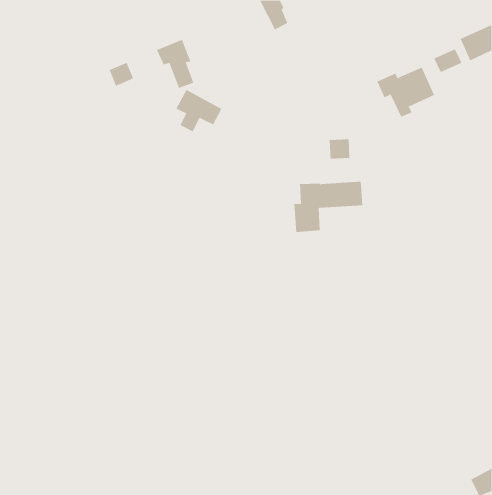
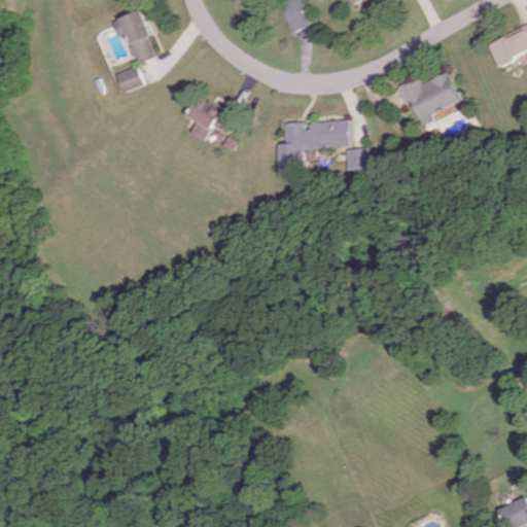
building: [156,39,194,89] -> [112,10,152,63]
building: [434,48,462,73] -> none
building: [293,181,363,233] -> [279,120,353,175]

